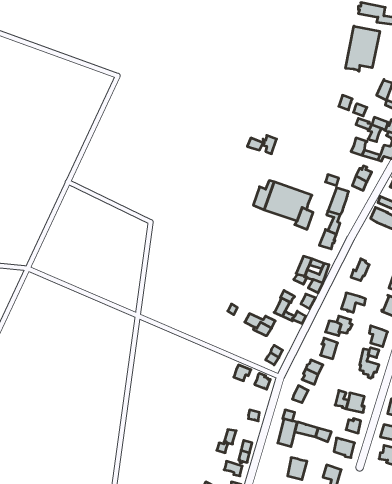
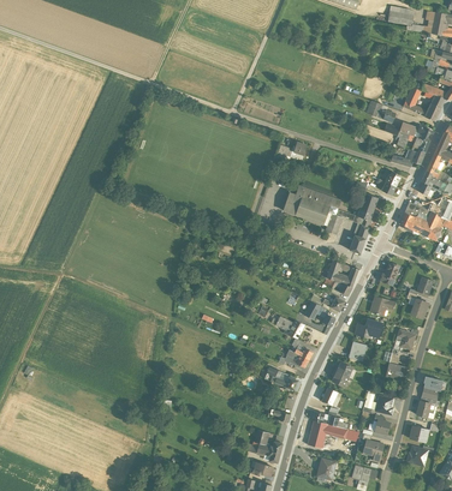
building: [346,26,380,71] -> none

